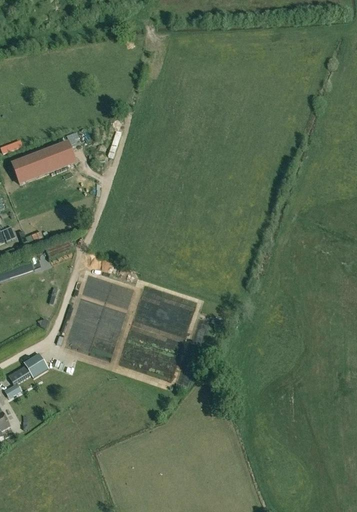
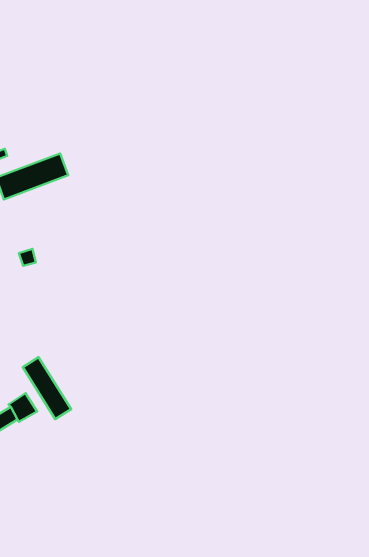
building: none -> [23,357,71,419]

